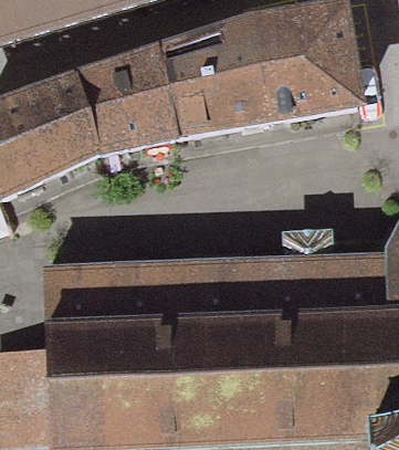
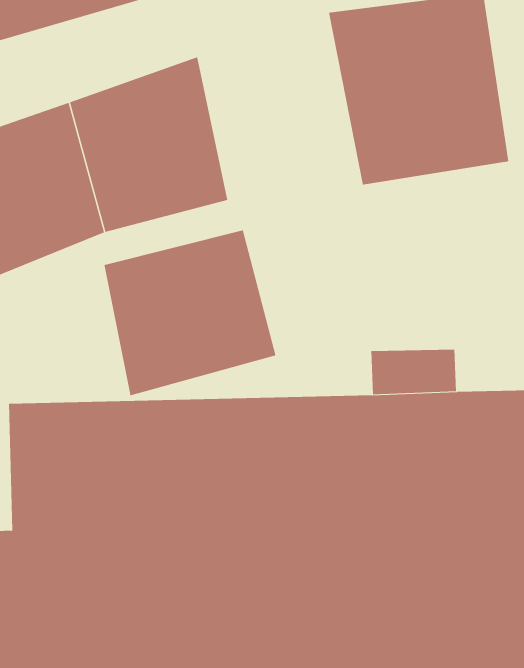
building: [166,10,273,133] -> none
building: none -> [104,229,276,396]

